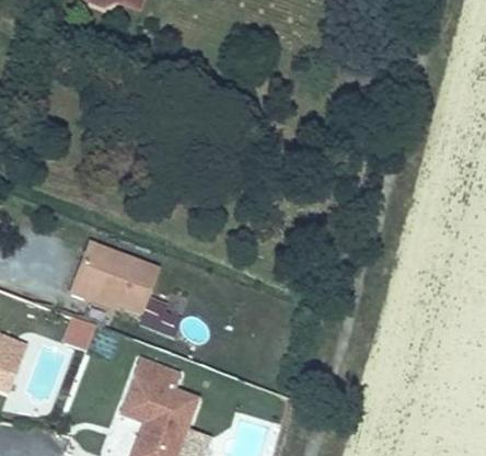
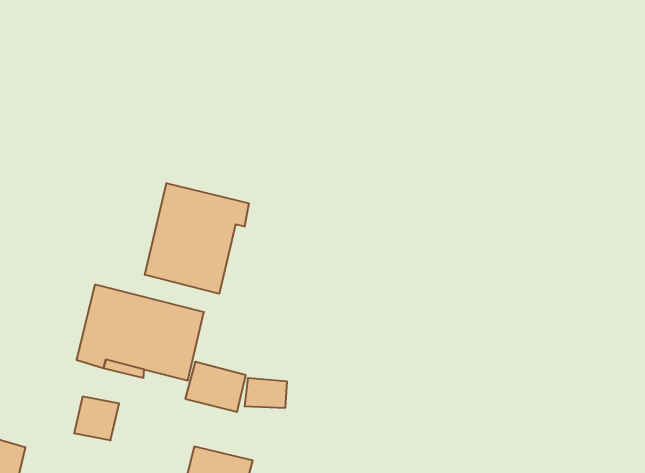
building: none -> [145,183,249,294]

